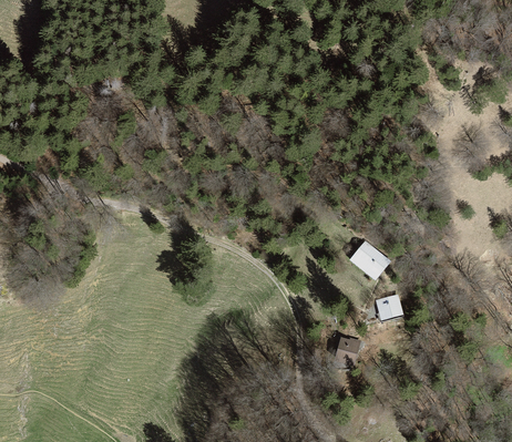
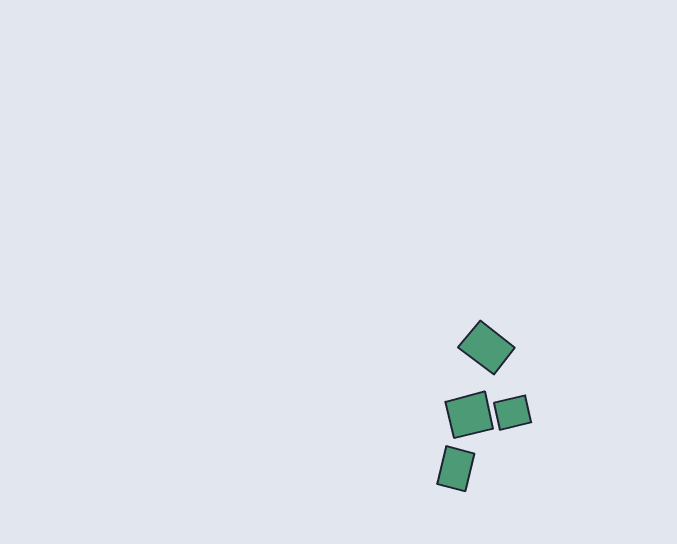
building: none -> [445,391,493,438]

